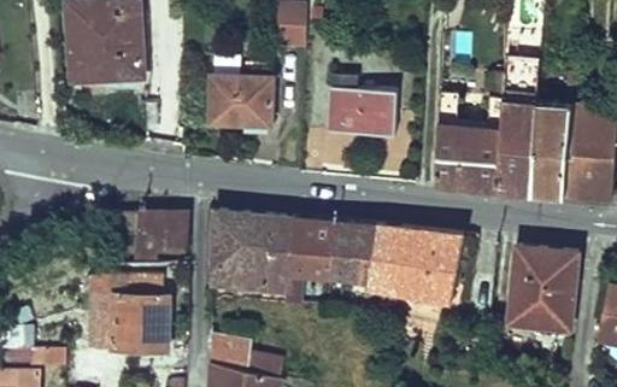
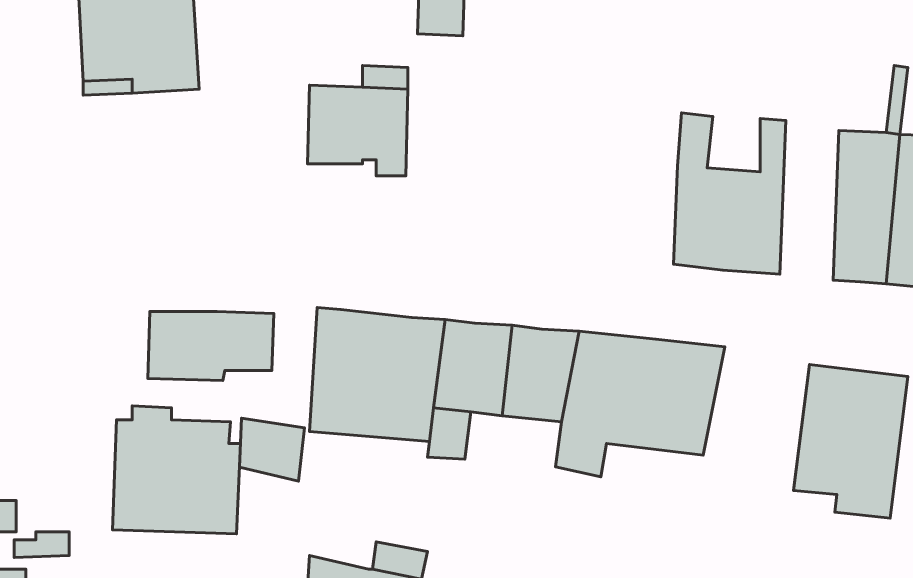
building: [499,59,540,195] -> none
building: [329,88,396,136] -> none
building: [211,334,251,373] -> [240,418,305,481]

